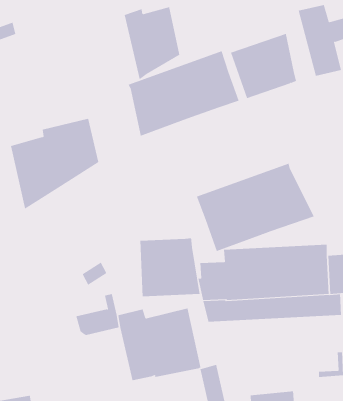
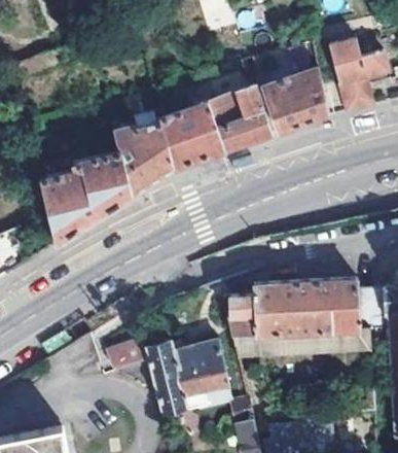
building: [124,7,180,80] -> [113,120,170,195]
building: [196,163,315,252] -> none
building: [140,238,200,297] -> none

